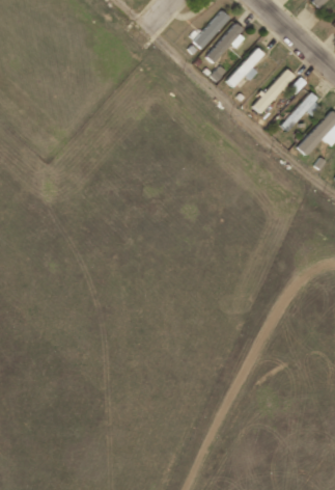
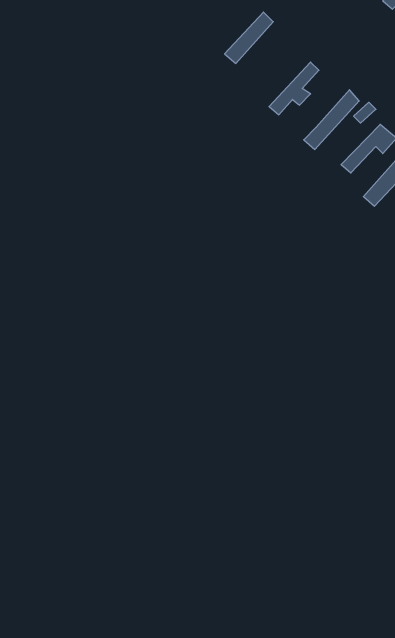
building: [207,22,246,63] -> none

